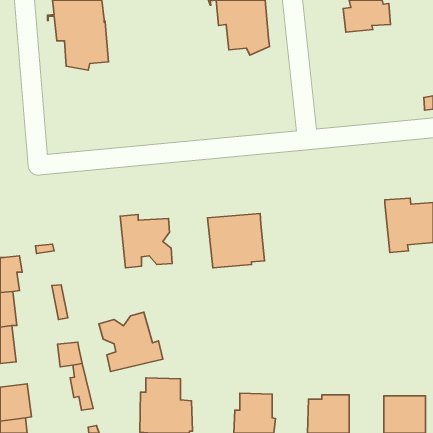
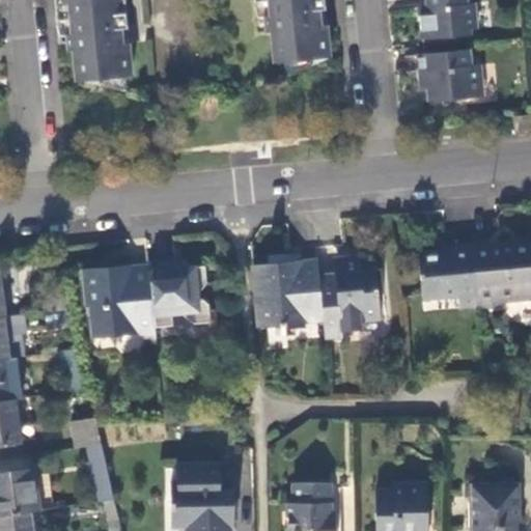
building: none -> [419,52,483,106]
building: none -> [418,249,477,312]
building: none -> [319,257,380,339]
building: none -> [82,264,155,337]
building: [99,312,163,371] -> none

